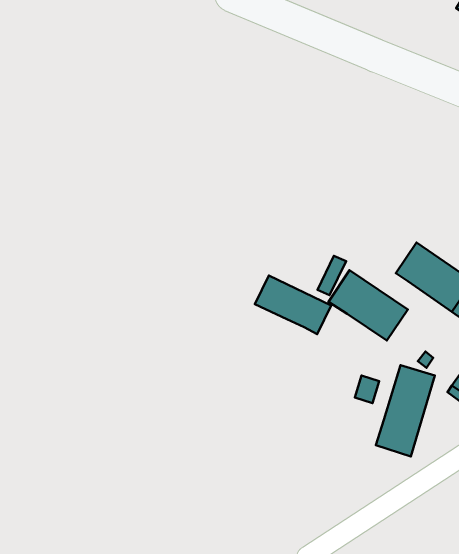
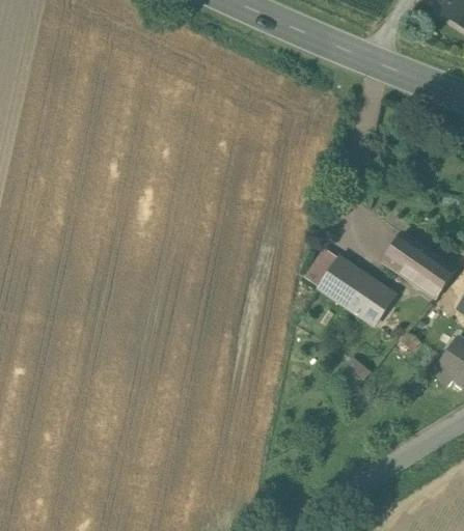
building: [255,276,331,334] -> none
building: [376,365,435,456] -> none

